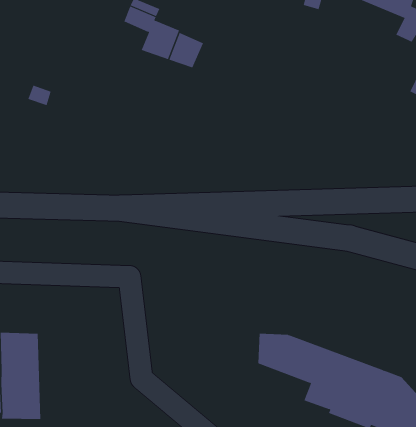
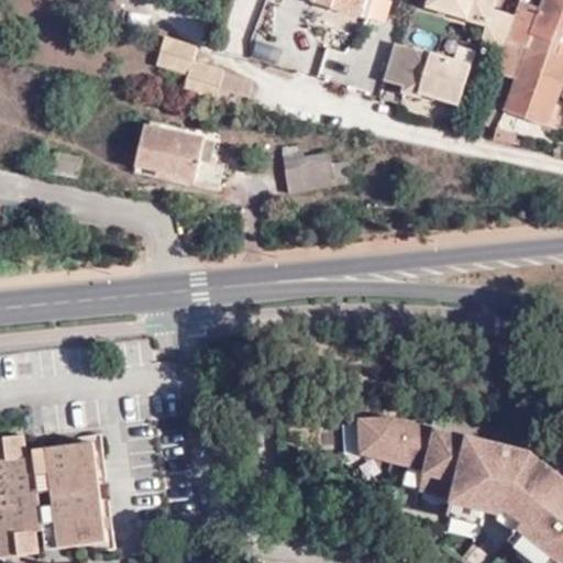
building: none -> [382,42,471,106]
building: none -> [134,124,221,185]
building: none -> [284,159,335,191]

